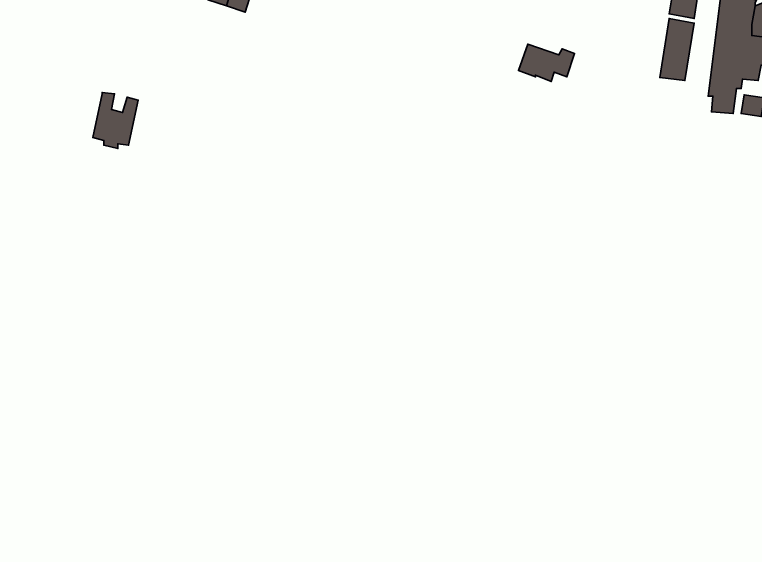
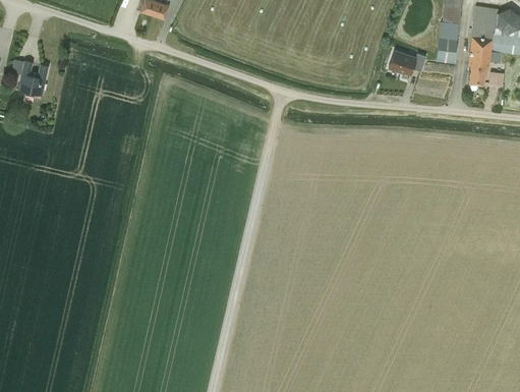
building: [518,44,575,81] -> [389,51,425,75]
building: [93,92,138,148] -> [18,61,48,98]

